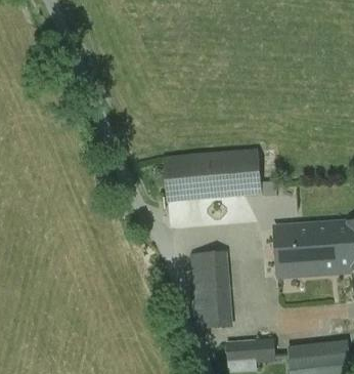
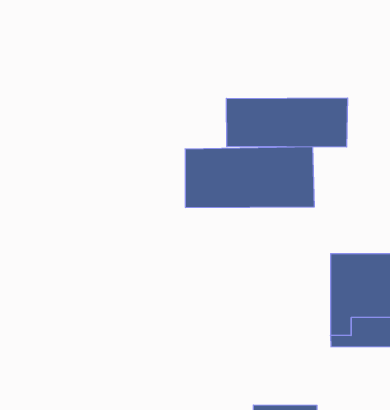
building: none -> [226,98,347,147]
building: [191,252,229,326] -> none

